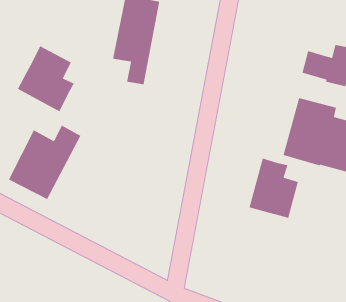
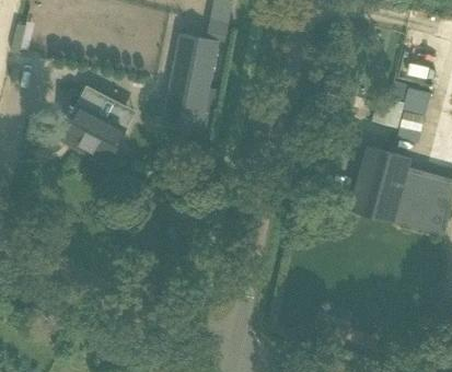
building: [8,125,81,200] -> none
building: [249,157,299,219] -> none

